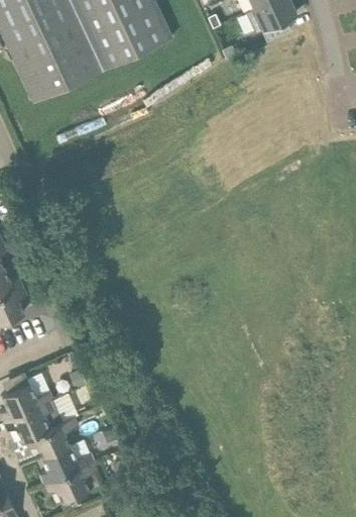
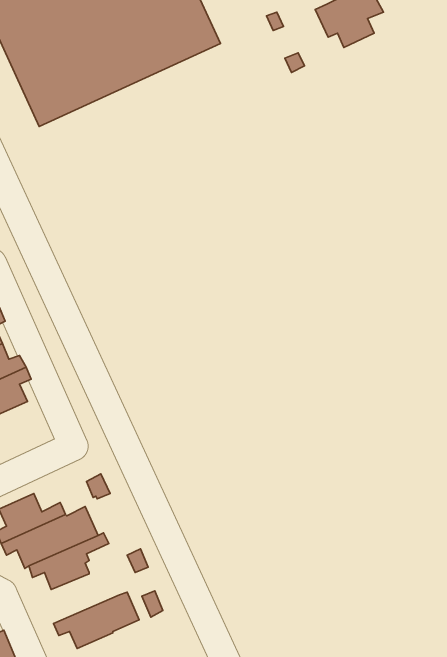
building: [39,440,94,483] -> none

